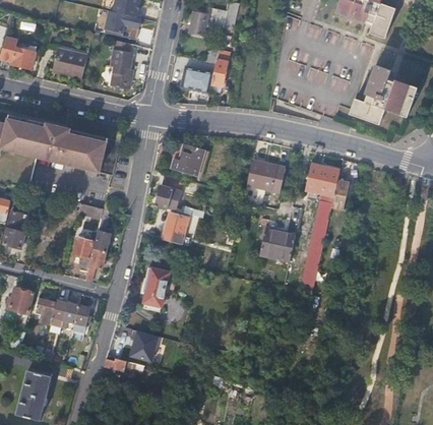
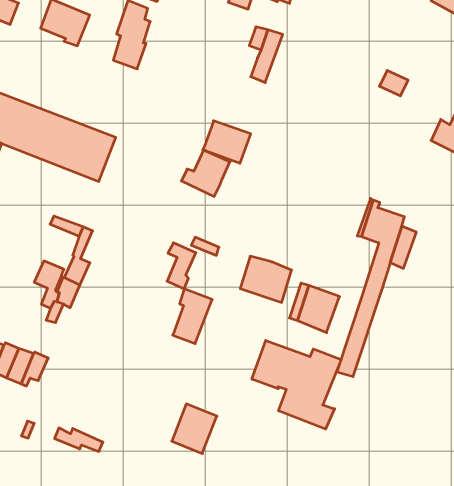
building: [180,63,213,92] -> [203,121,251,163]
building: [247,160,283,190] -> [240,256,292,302]
building: [154,176,181,209] -> none
building: [142,266,168,305] -> [173,289,212,344]
building: none -> [252,340,341,429]
building: [128,328,159,363] -> [172,404,217,454]

